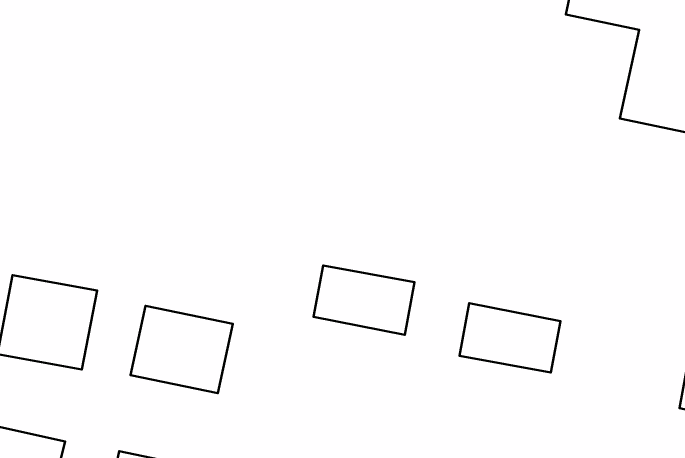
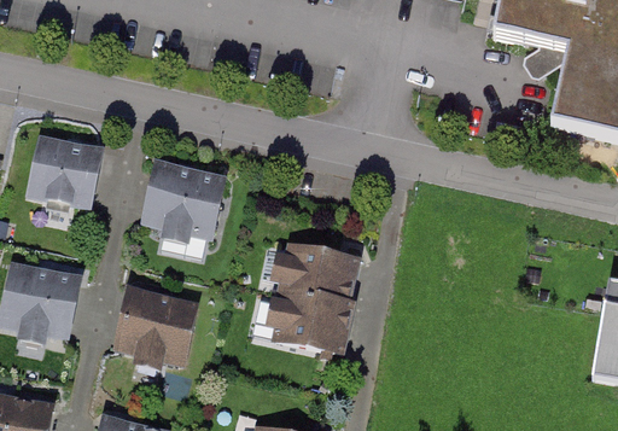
building: none -> [23,130,106,204]
building: none -> [141,159,228,231]
building: [459,303,561,372] -> [266,296,354,356]

